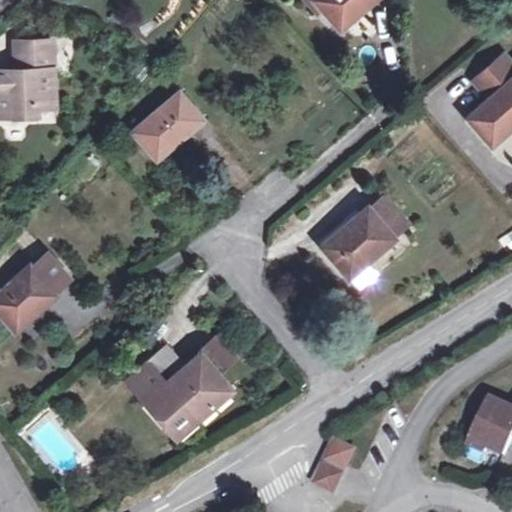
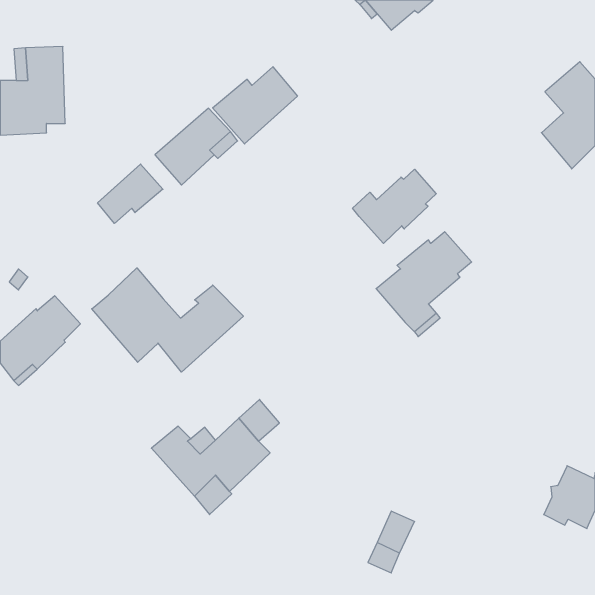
building: none -> [213,67,297,144]
building: none -> [98,164,163,223]
building: none -> [353,169,436,243]
building: none -> [92,268,243,372]

